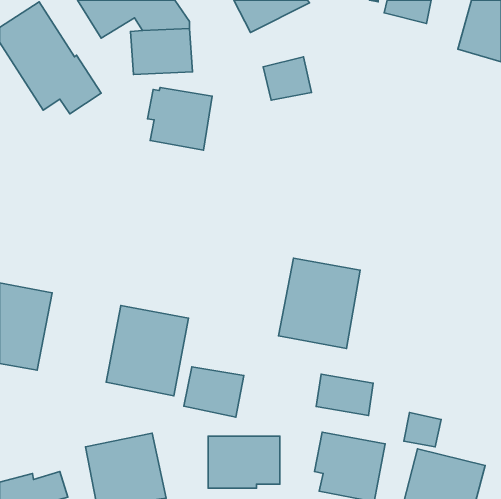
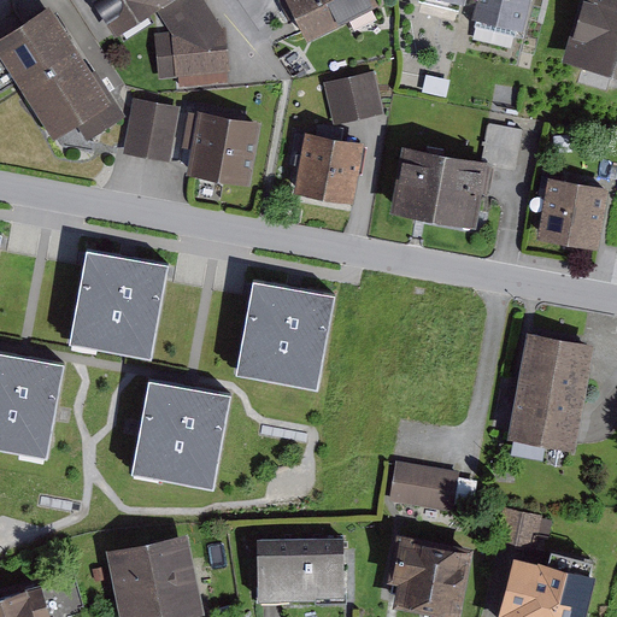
building: none -> [122,100,180,165]
building: none -> [389,125,522,228]
building: none -> [293,133,363,205]
building: none -> [536,177,609,251]
building: none -> [69,248,169,359]
building: [279,258,360,349] -> [234,280,334,390]
building: none -> [507,333,594,451]
building: [184,367,244,417] -> none

